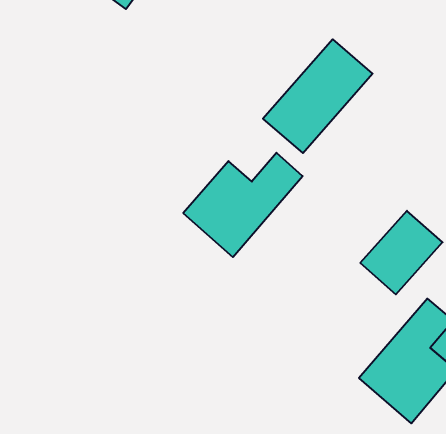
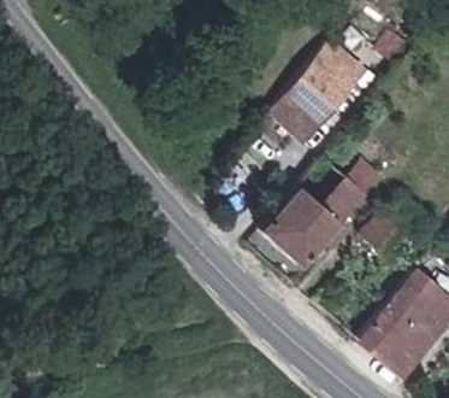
building: [183,153,303,257] -> [261,174,366,265]

